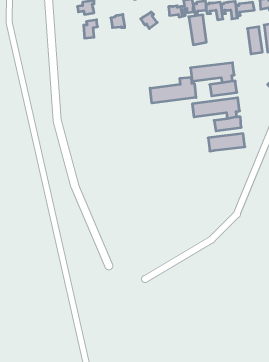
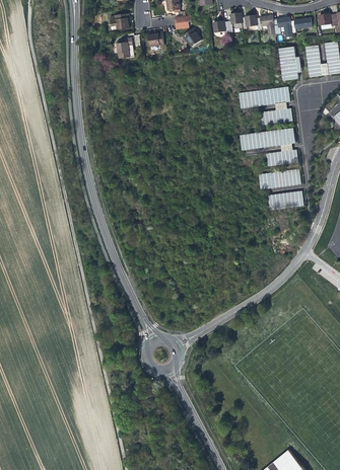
building: [189,15,206,45] -> [278,47,298,81]
building: [150,77,196,103] -> none
building: none -> [268,190,303,211]

